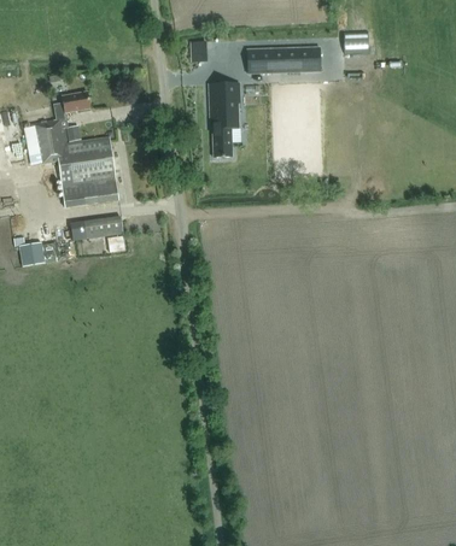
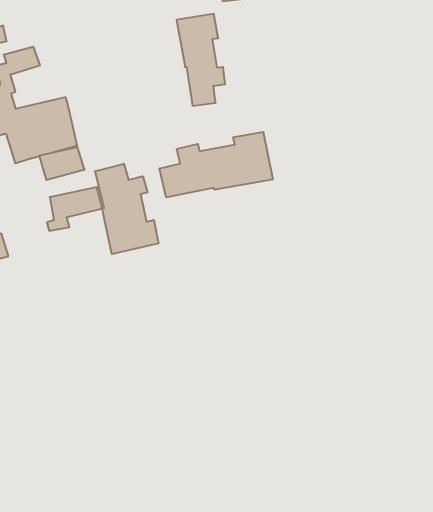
building: none -> [159,132,273,197]
building: none -> [95,164,159,254]

